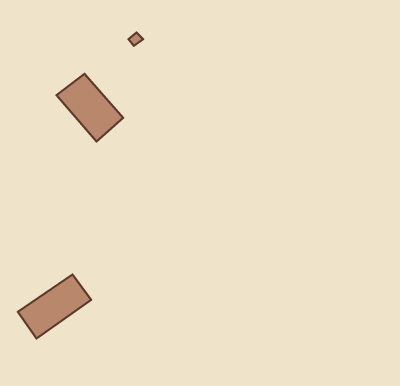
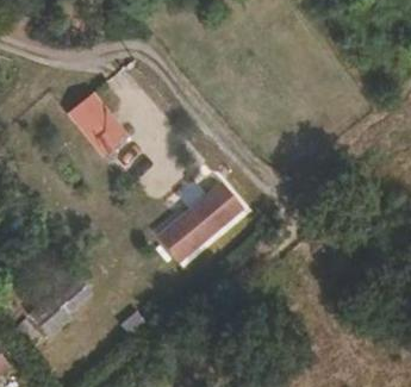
building: none -> [161,188,231,252]

